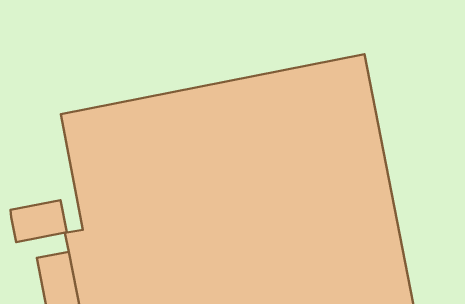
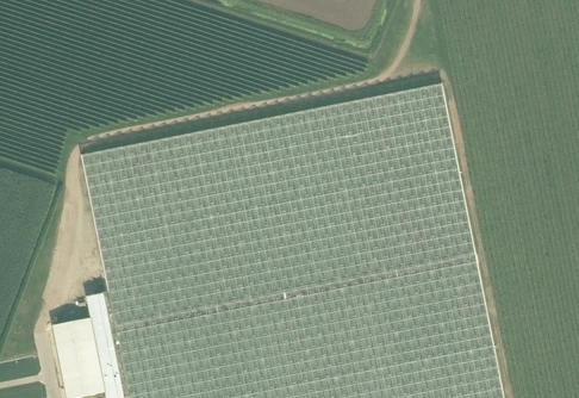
building: [10,200,67,242] -> none

